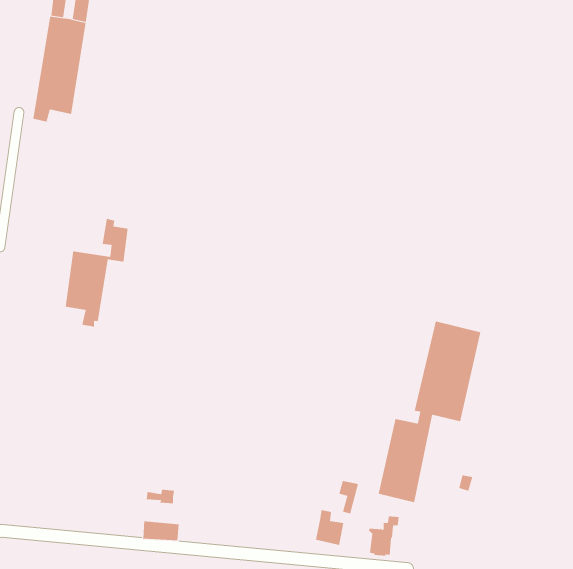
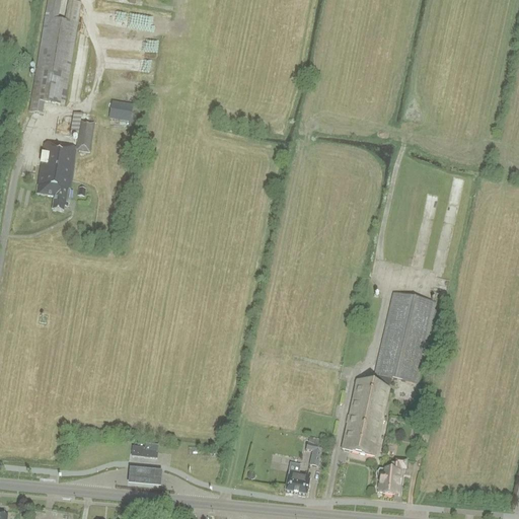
building: none -> [105,97,133,120]
building: [65,218,129,327] -> [36,110,94,209]
building: [368,516,400,556] -> [378,456,406,493]

